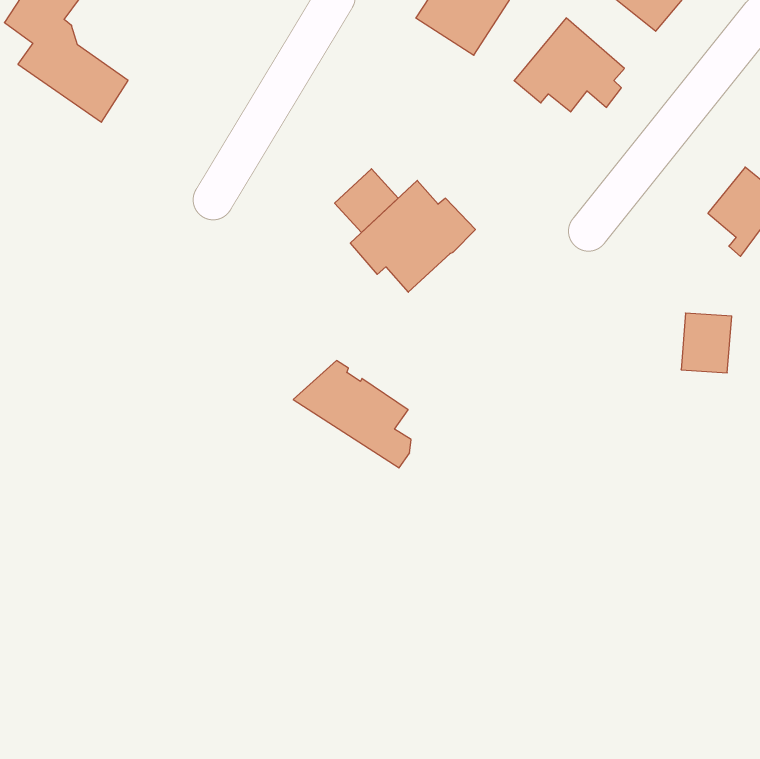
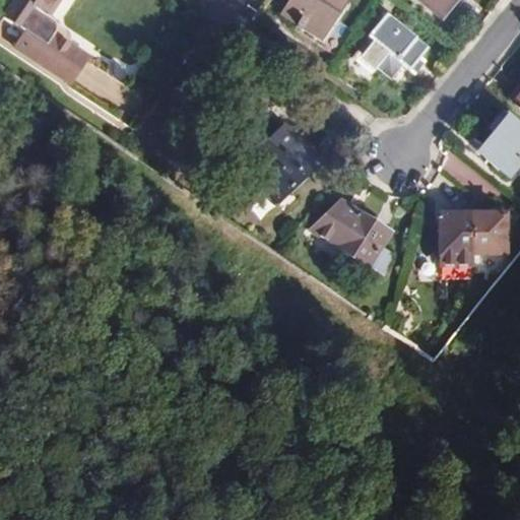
building: [335,169,398,233] -> none
building: none -> [436,211,468,262]
building: [293,361,411,468] -> [312,198,392,271]

